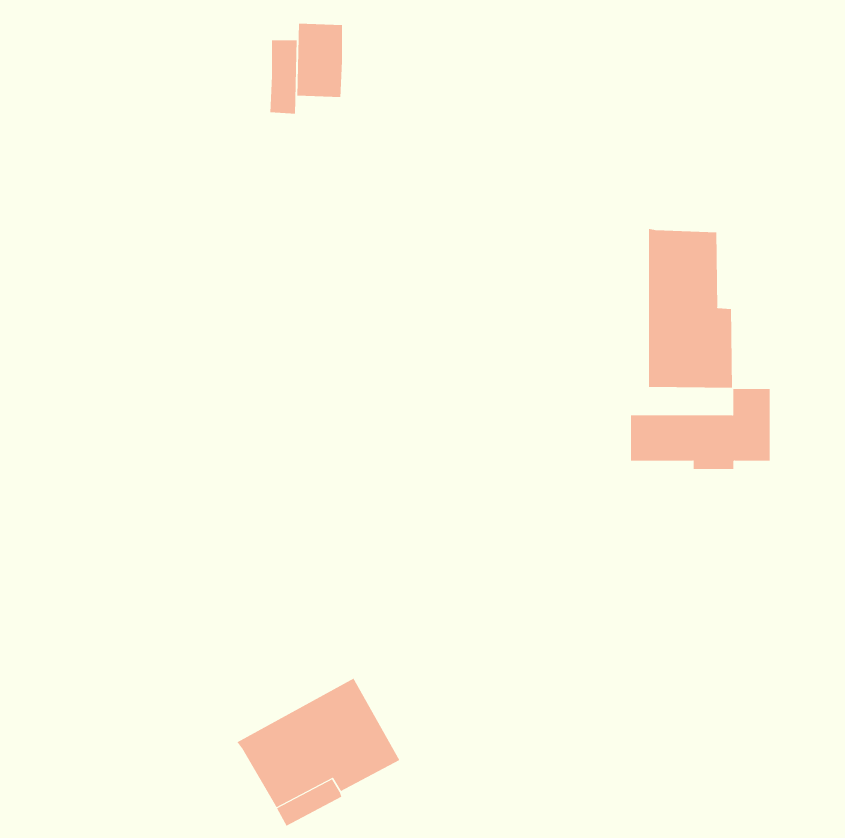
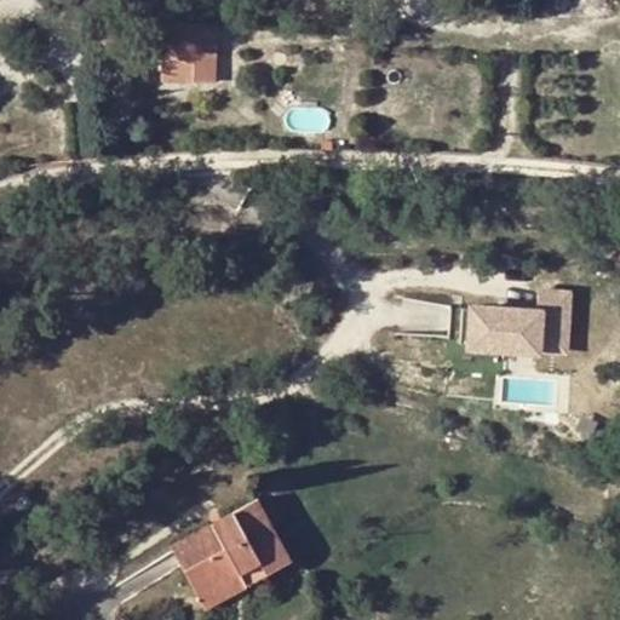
building: [296,23,343,97] -> [165,33,199,87]
building: [649,228,733,388] -> none

